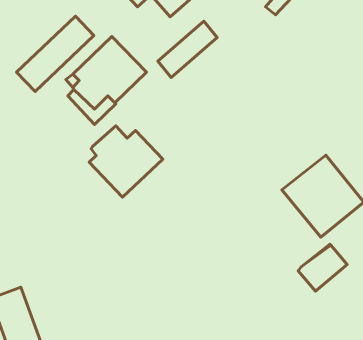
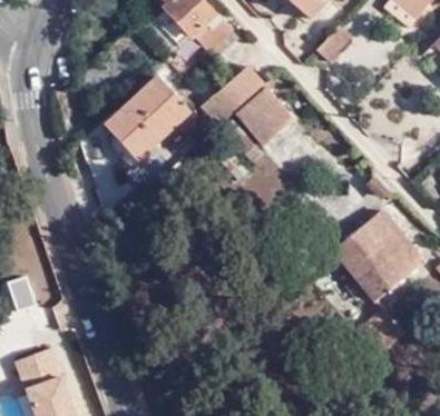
building: [17,16,94,91] -> none
building: none -> [236,85,296,146]
building: [89,126,163,197] -> none

